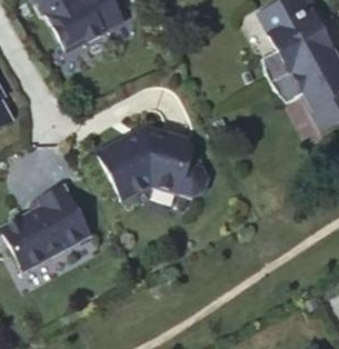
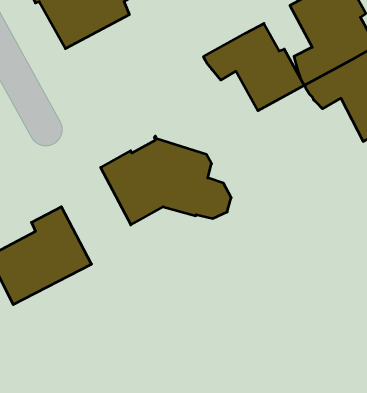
building: none -> [204,23,304,111]

